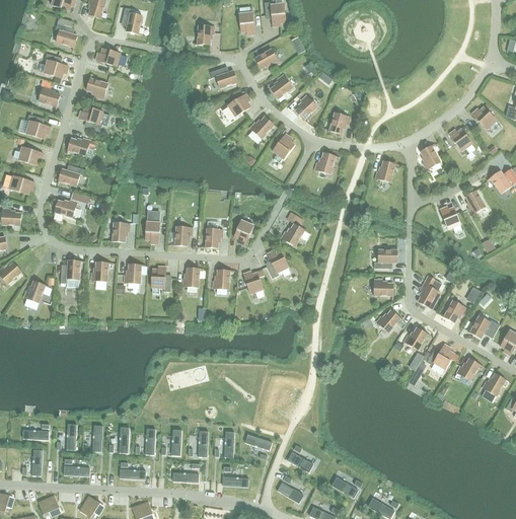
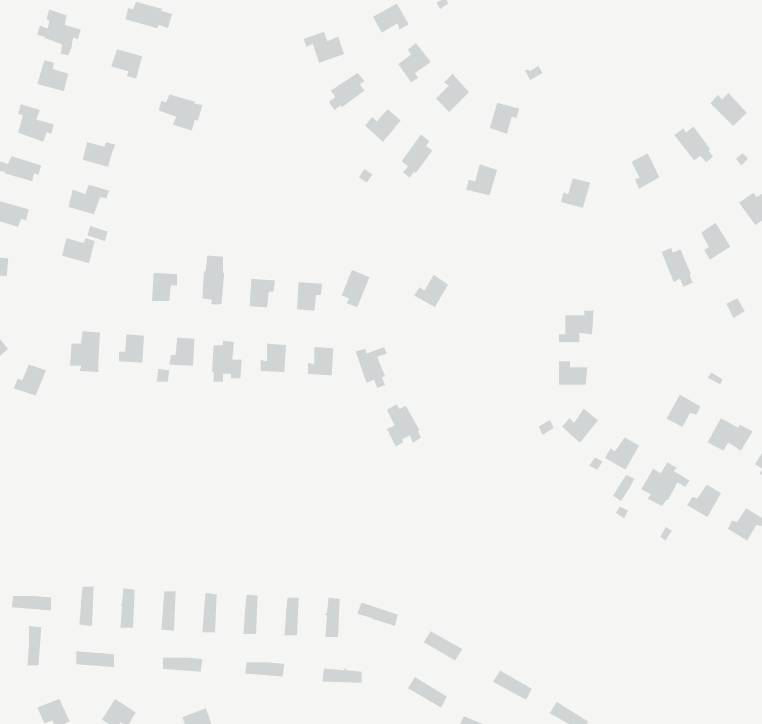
building: [77,105,106,130] -> [158,94,203,131]
building: [266,248,289,277] -> [386,403,422,447]
building: [417,275,441,306] -> none

